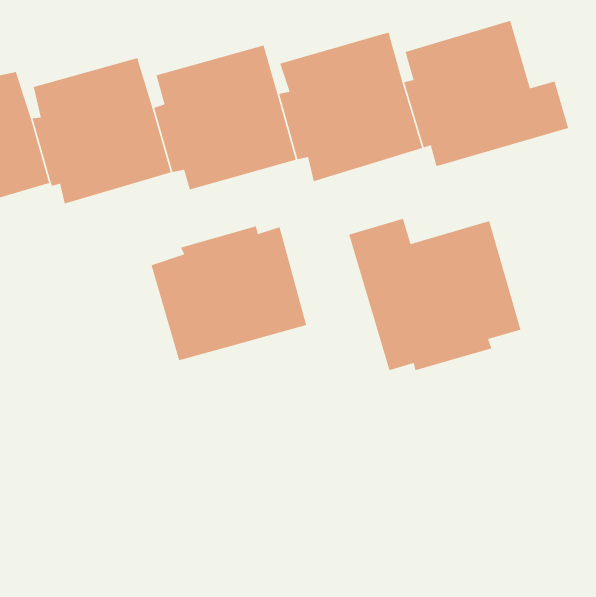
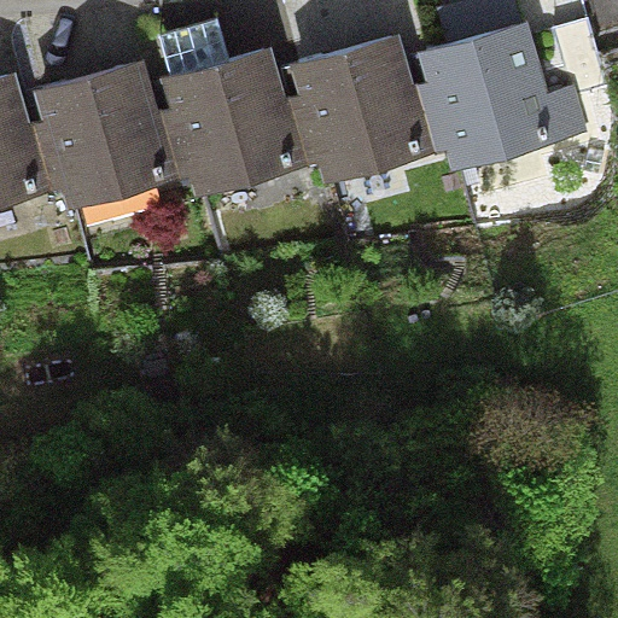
building: [348,218,522,371] -> none
building: [150,226,307,361] -> none

